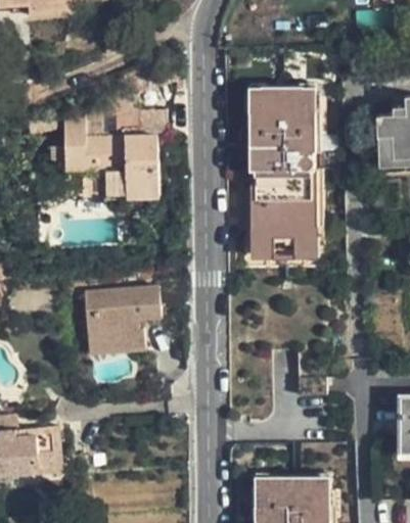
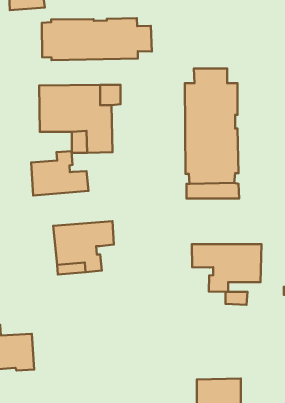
building: none -> [42,18,152,60]
building: none -> [31,151,88,195]
building: none -> [192,244,262,292]

